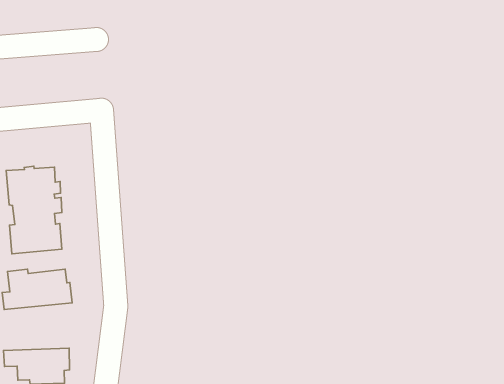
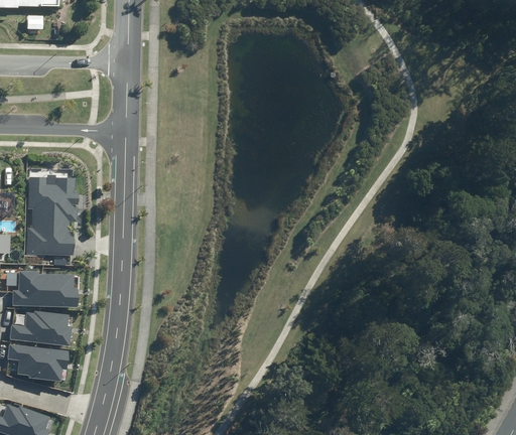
building: none -> [9,310,71,346]

